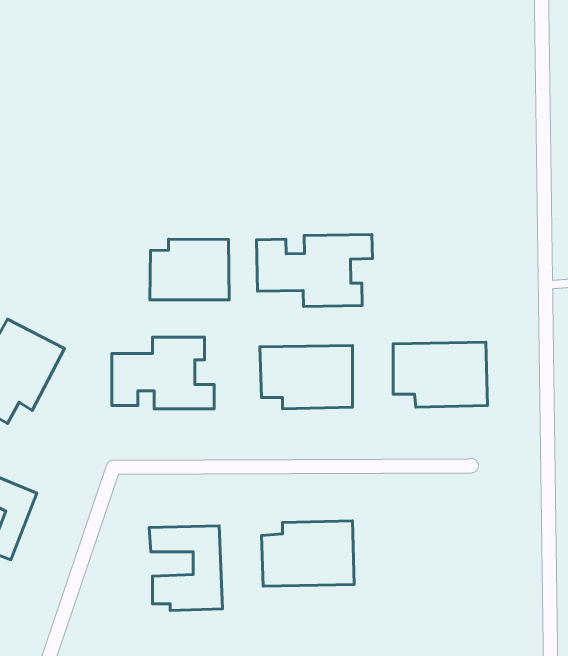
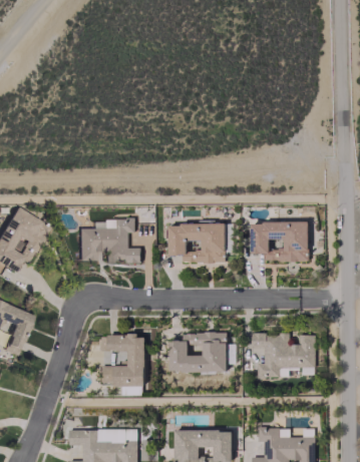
building: [257,234,372,307] -> none
building: [150,239,229,300] -> none
building: none -> [251,333,315,377]

